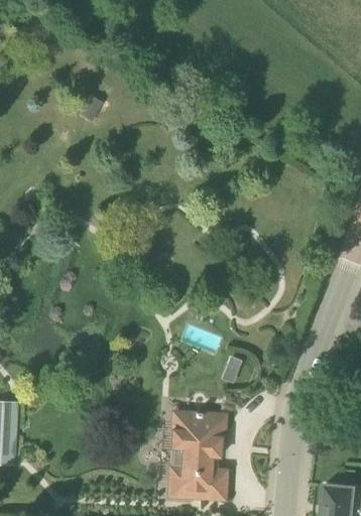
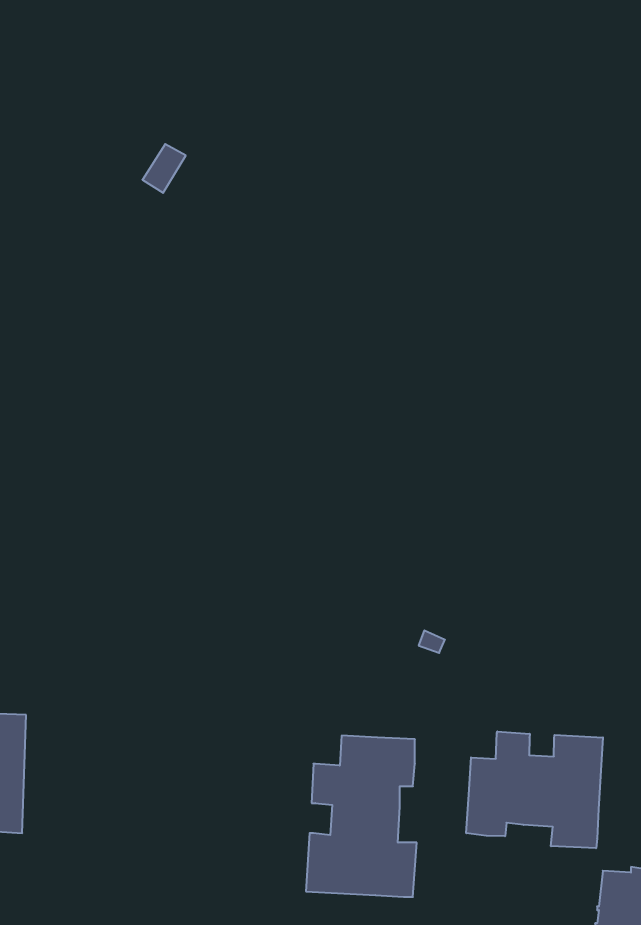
building: none -> [466,731,603,848]

